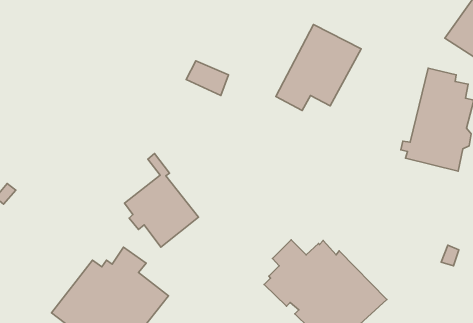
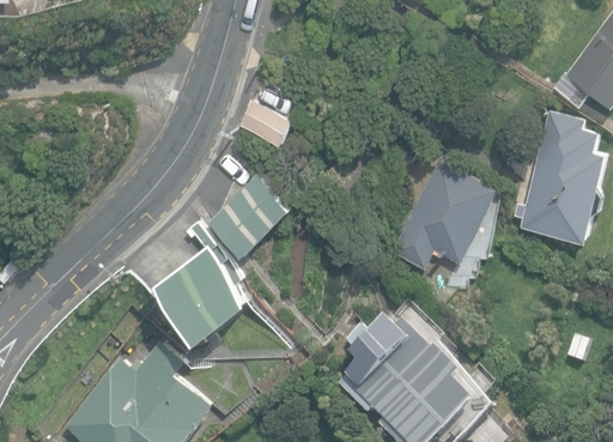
building: [276,24,361,111] -> [389,159,498,270]
building: none -> [207,171,291,254]

